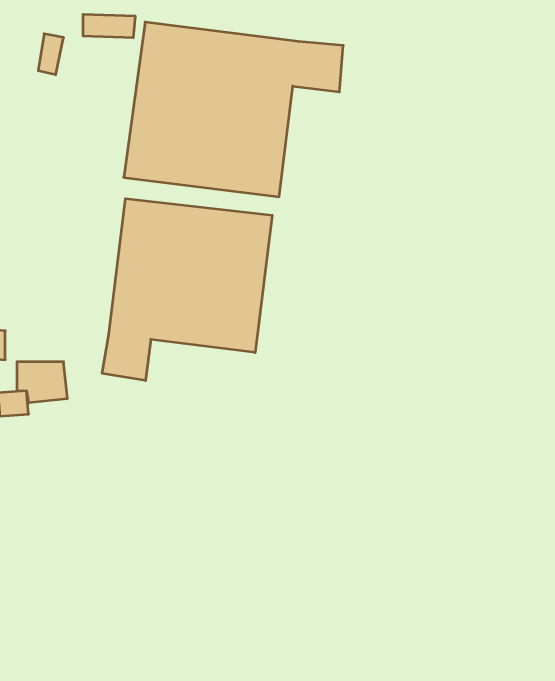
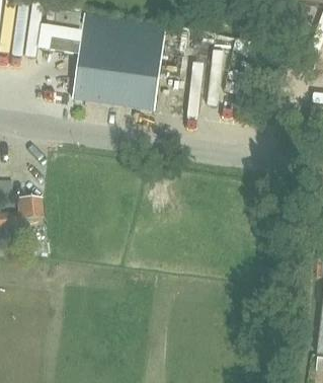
building: [102,199,272,381] -> none

